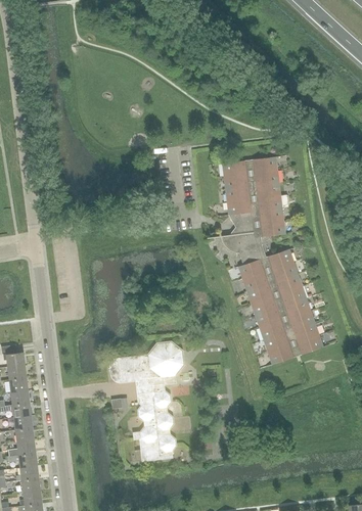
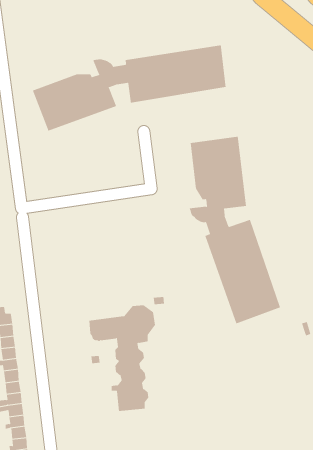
building: none -> [32,44,226,132]

